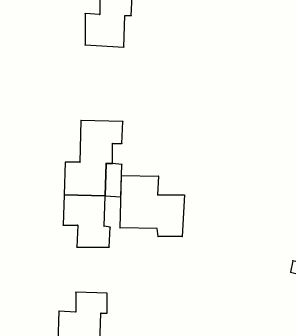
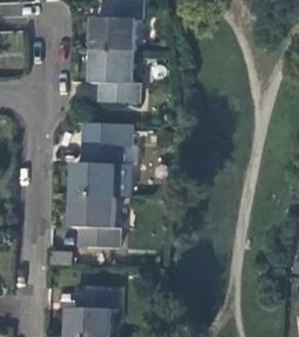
building: none -> [91,48,136,102]
building: [120,175,184,237] -> none

